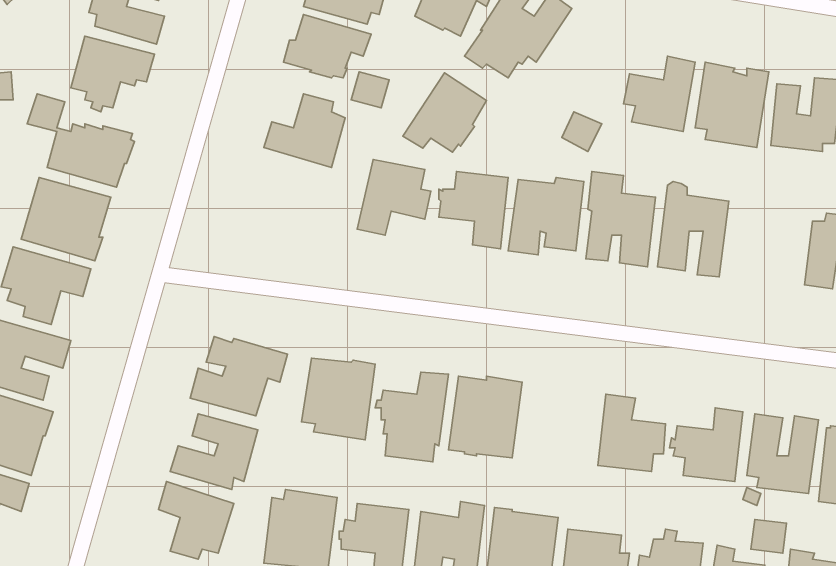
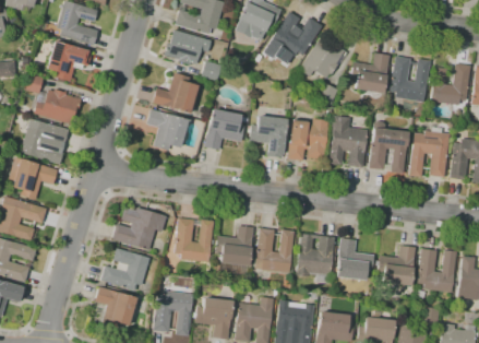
building: [403,73,486,152] -> [299,35,345,79]
building: none -> [146,109,188,151]
building: none -> [409,131,450,177]
building: none -> [296,233,334,284]

